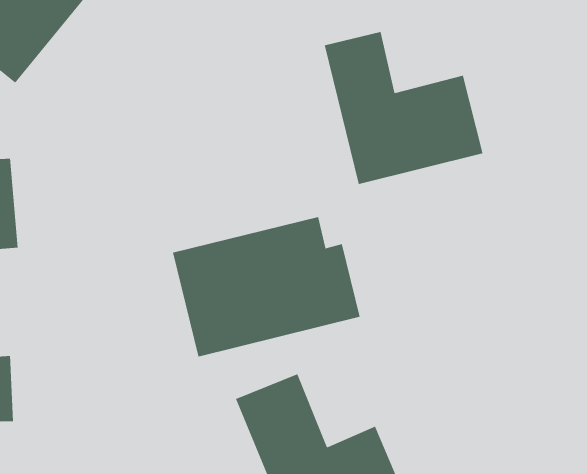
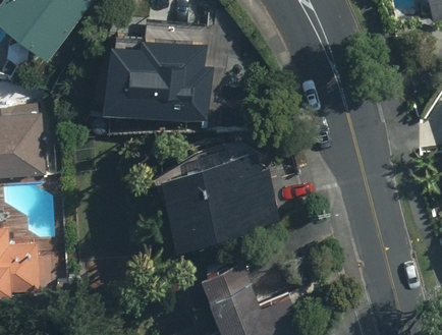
building: [324,31,483,185] -> none
building: none -> [100,39,214,120]

